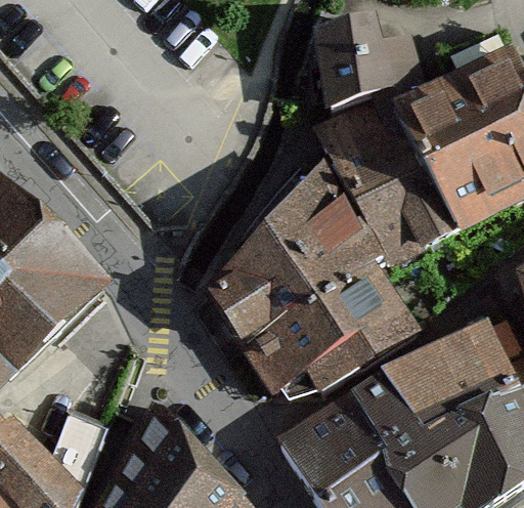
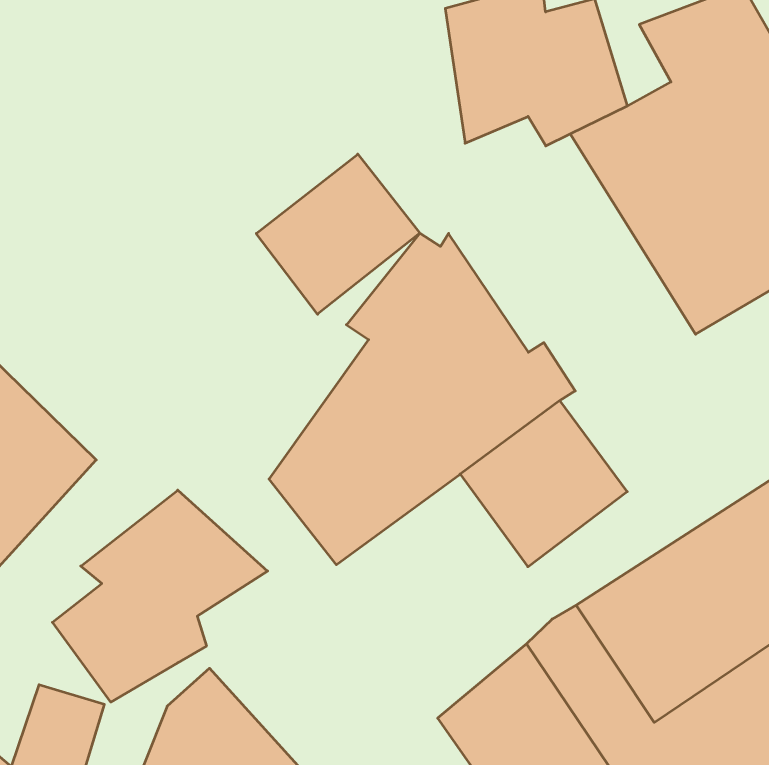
building: [319,115,456,268] -> none
building: none -> [256,154,420,314]
building: [244,306,353,397] -> none
building: none -> [52,490,268,702]

